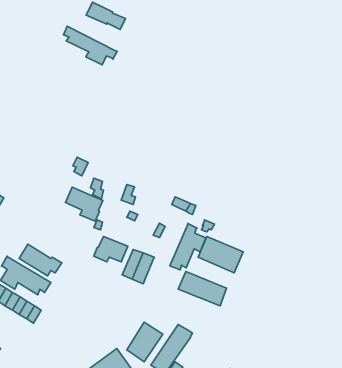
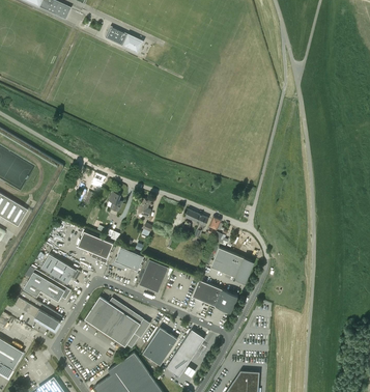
building: [64,26,117,65] -> none
building: [66,187,103,221] -> [78,231,113,263]
building: [170,224,206,270] -> none
building: none -> [85,297,140,346]

